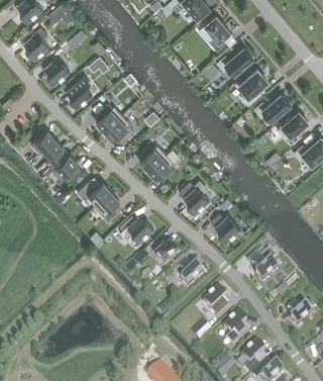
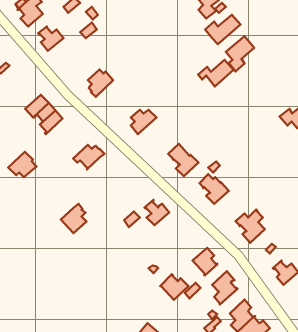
building: [66,73,92,106] -> none
building: [253,92,290,119] -> [198,60,233,86]
building: [277,109,307,142] -> none
building: [103,113,132,139] -> none
building: [146,152,174,178] -> none
building: [51,153,81,179] -> [8,152,37,177]
building: [94,189,120,219] -> [61,204,86,233]
building: [119,213,153,241] -> none
building: [174,259,203,285] -> [160,274,188,300]

